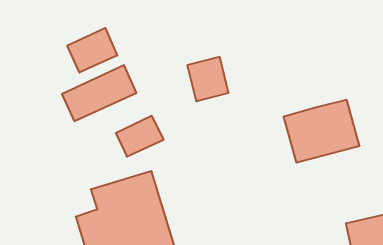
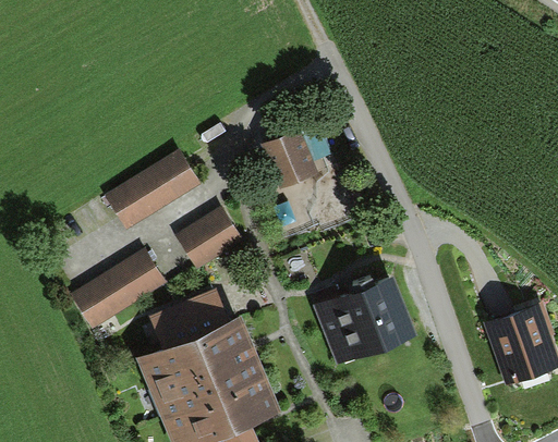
building: [67,28,117,73] -> none
building: [283,100,360,163] -> [315,273,416,360]
building: none -> [69,253,163,335]

